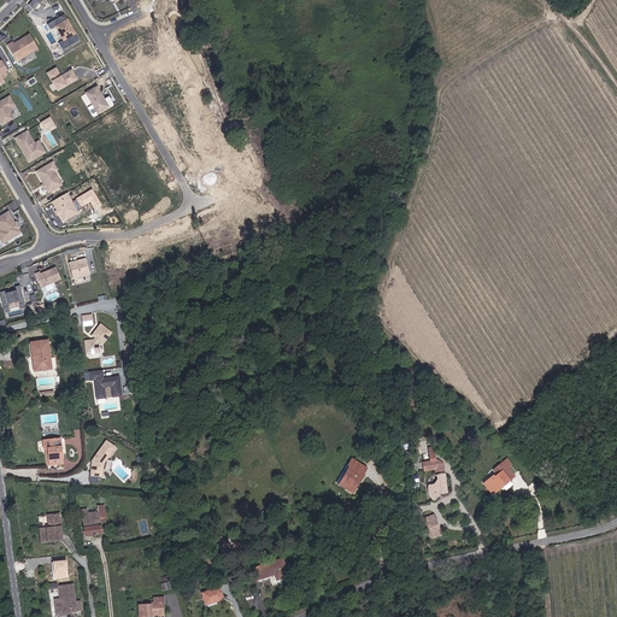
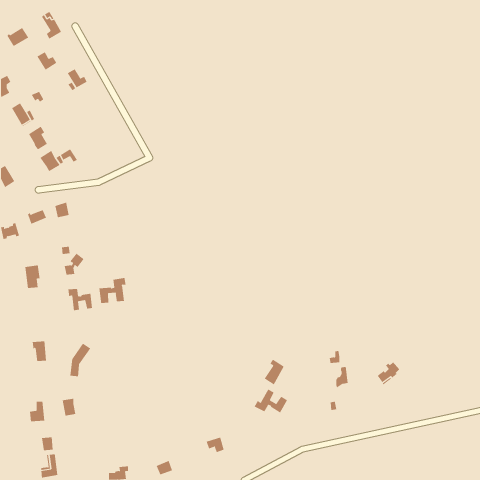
building: none -> [99,277,126,304]
building: none -> [254,388,288,413]

